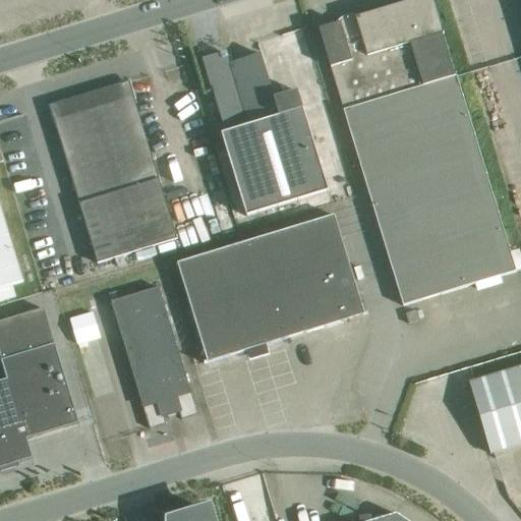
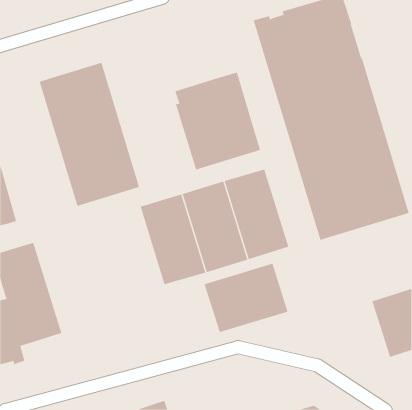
building: [201,50,275,115] -> none
building: [111,284,197,426] -> none
building: none -> [204,263,288,333]

